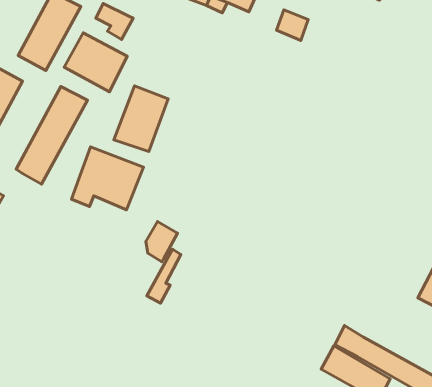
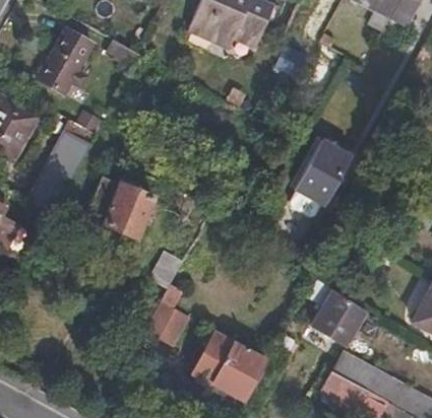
building: [64,33,127,92] -> none
building: [114,86,168,151] -> none
building: none -> [290,141,347,215]
building: none -> [315,288,366,345]
building: none -> [192,332,264,398]

